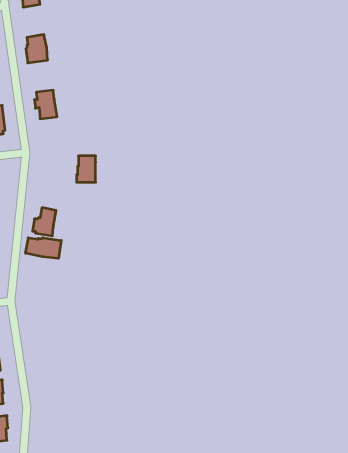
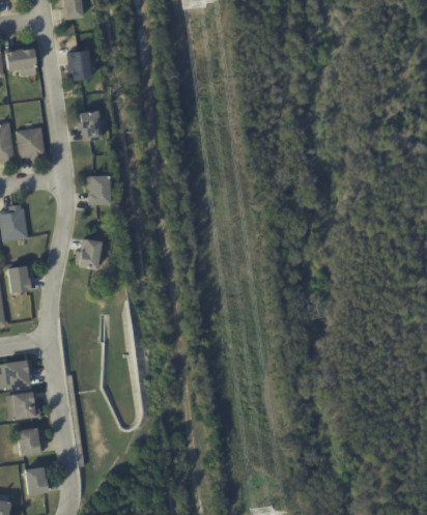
building: [77,156,96,182] -> [88,175,109,204]
building: [26,238,61,258] -> none

